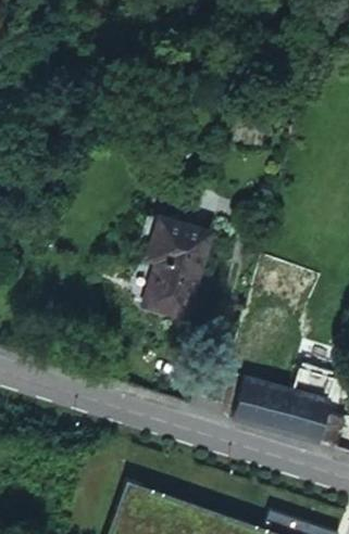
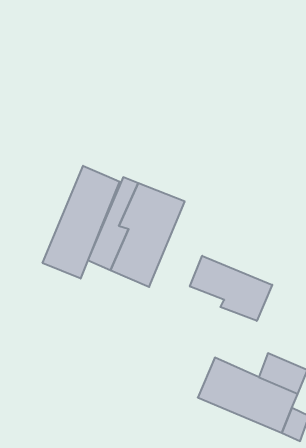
building: none -> [43,166,120,279]
building: none -> [190,256,272,321]

